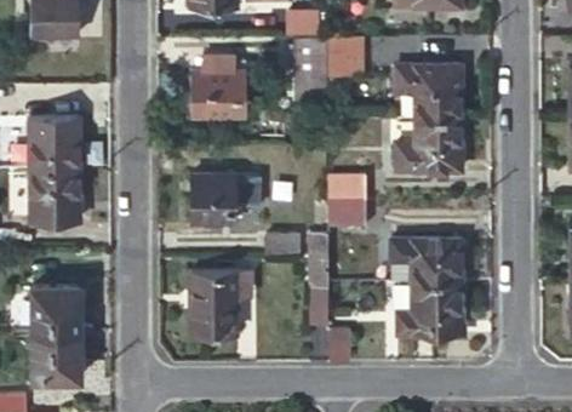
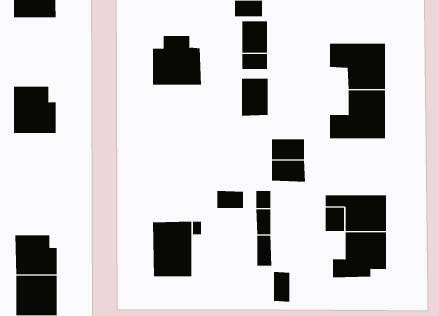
building: [326,36,358,80] -> [241,78,268,116]
building: [30,168,80,221] -> none
building: [191,174,239,222] -> none

